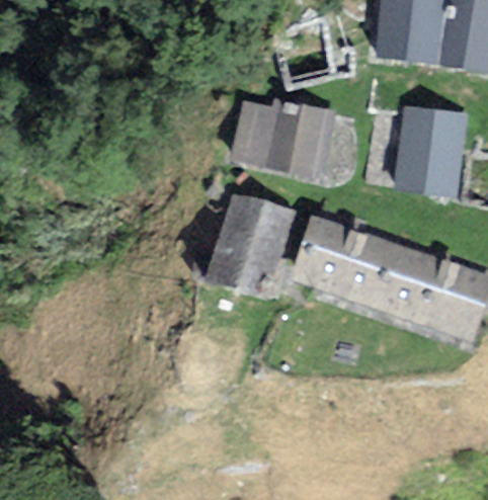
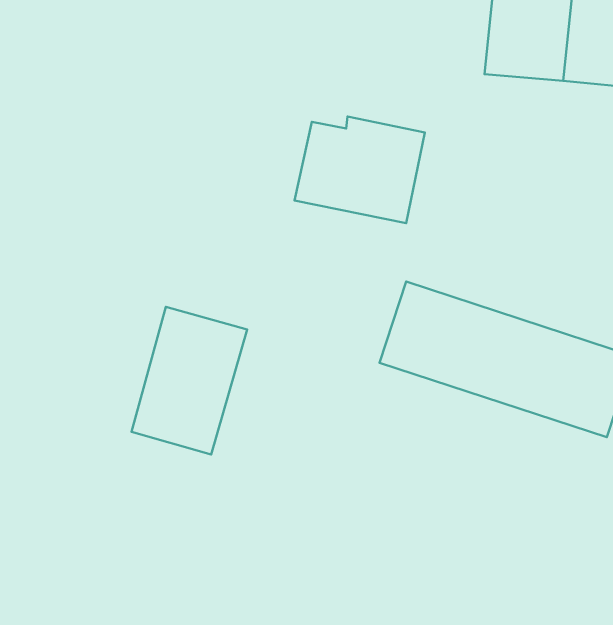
building: [395,103,468,201] -> none
building: [207,191,295,304] -> [131,307,247,454]

